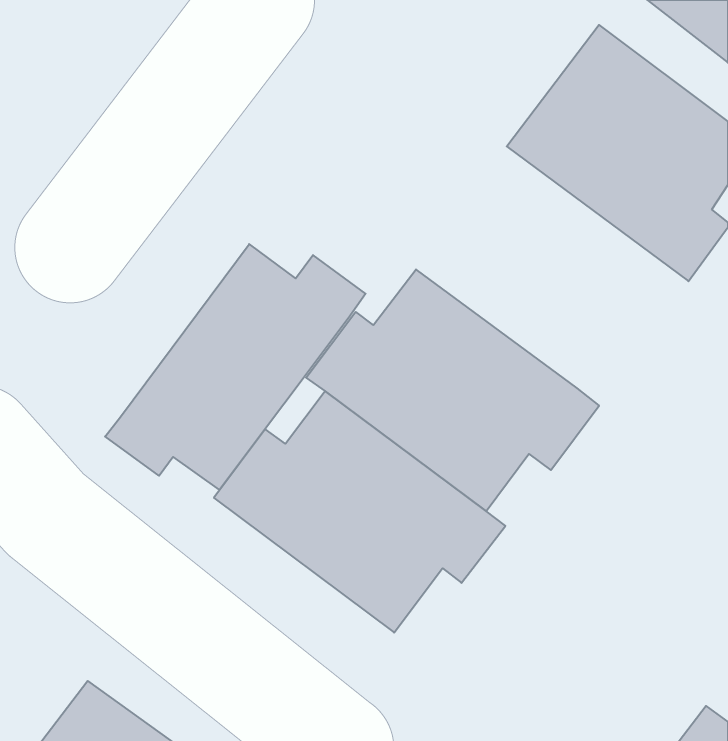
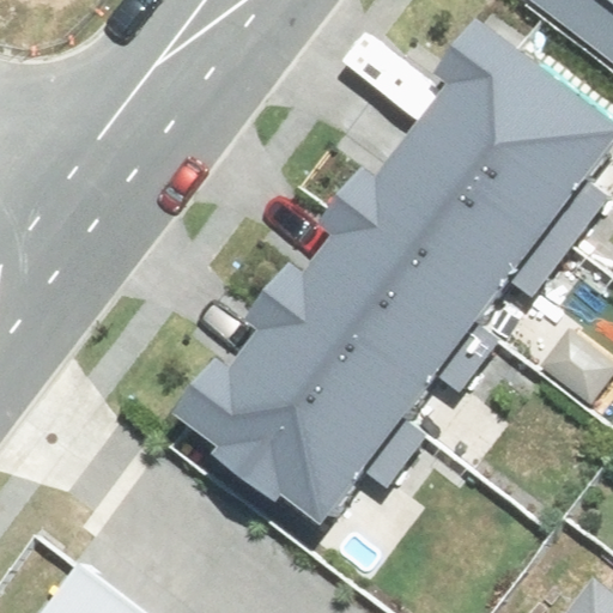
building: none -> [327,126,563,323]
building: [105,244,366,490] -> none

